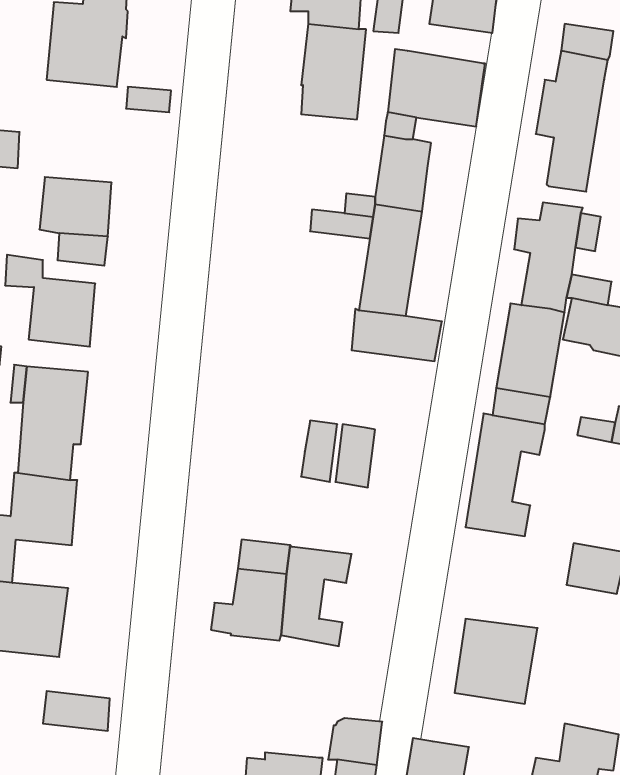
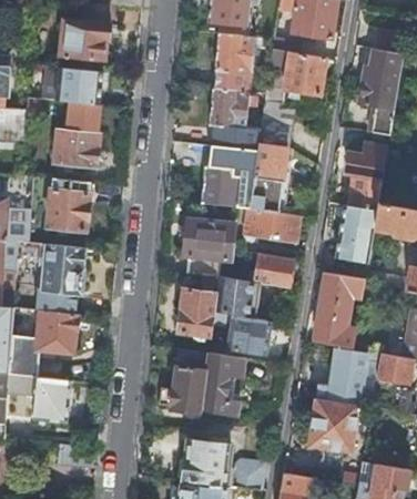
building: none -> [55,68,103,105]
building: none -> [211,89,251,130]
building: none -> [203,165,243,207]
building: none -> [185,221,236,277]
building: none -> [255,254,293,287]
building: none -> [180,291,217,337]
building: none -> [228,315,272,355]
building: none -> [316,348,376,407]
building: none -> [185,440,232,485]

